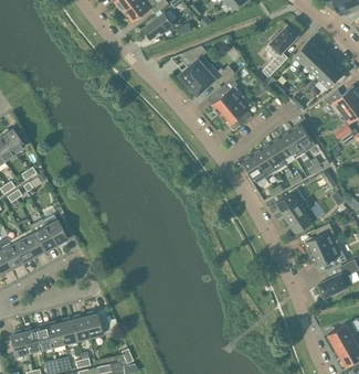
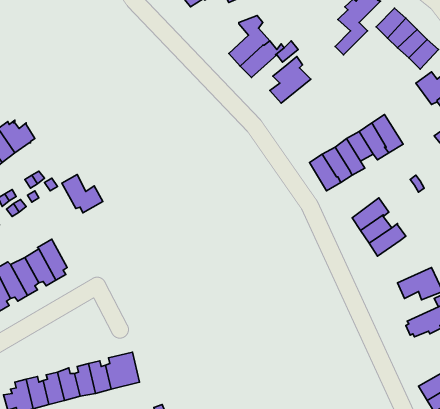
building: [221,96,252,126] -> none
building: [43,216,75,246] -> [62,175,103,213]
building: [306,224,338,255] -> none

